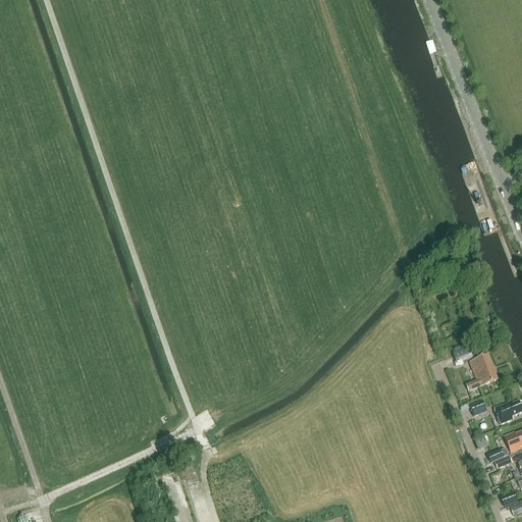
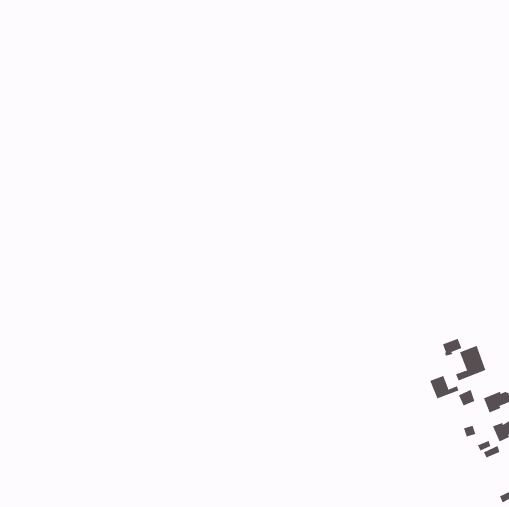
building: none -> [429,375,459,399]

